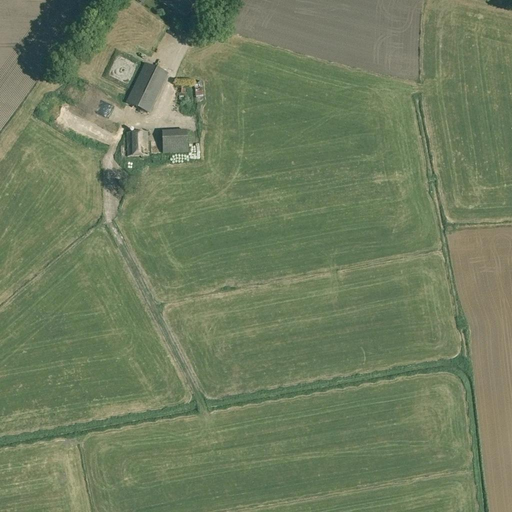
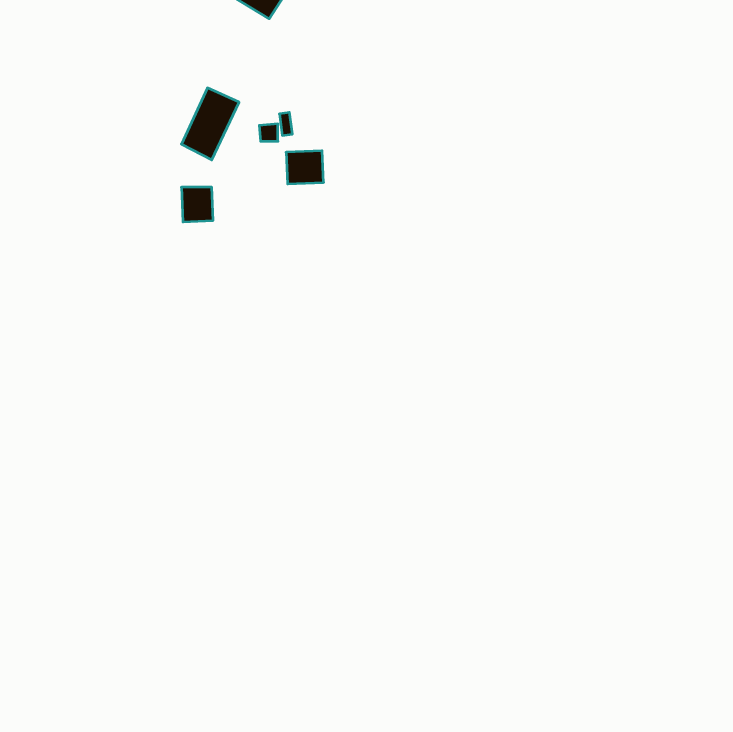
building: [163,128,189,151] -> [286,151,324,184]

